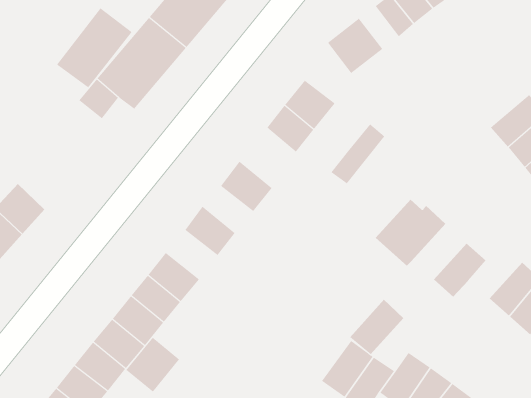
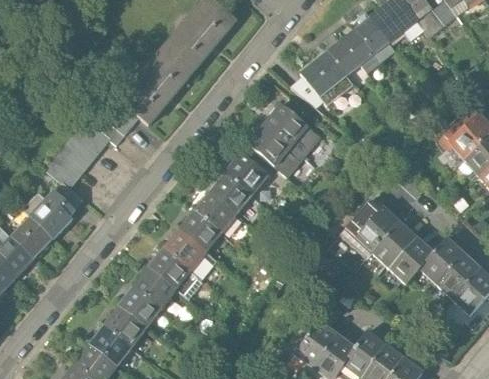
building: none -> [331,41,364,77]
building: [56,7,132,88] -> [39,122,103,190]
building: [331,123,385,184] -> [278,123,324,174]
building: none -> [230,152,274,194]
building: none -> [199,192,242,232]
building: none -> [168,229,212,271]
building: none -> [423,240,468,287]
building: [349,299,404,355] -> [375,224,421,271]
building: [126,337,180,393] -> none

